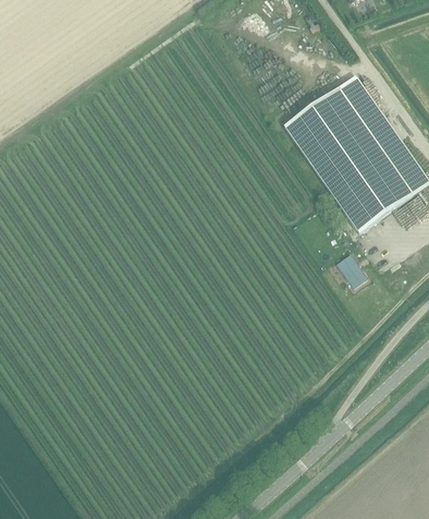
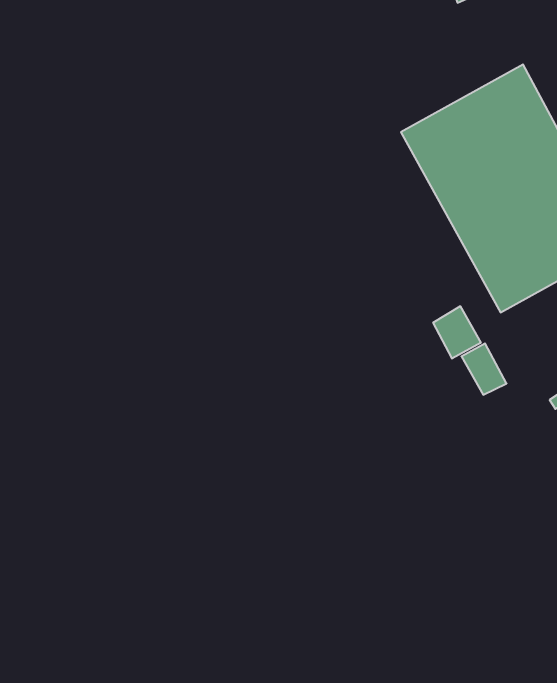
building: none -> [433,306,481,359]

